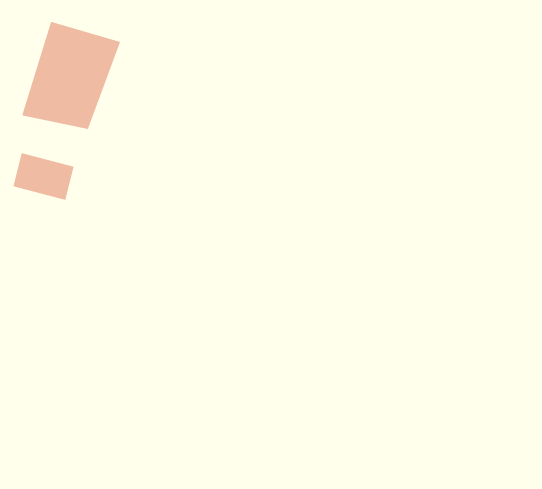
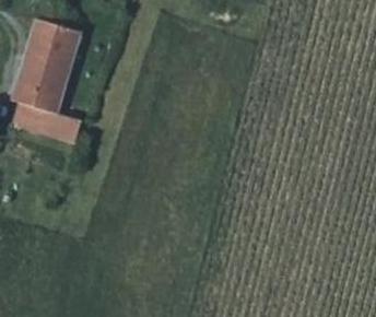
building: none -> [14,80,62,111]

